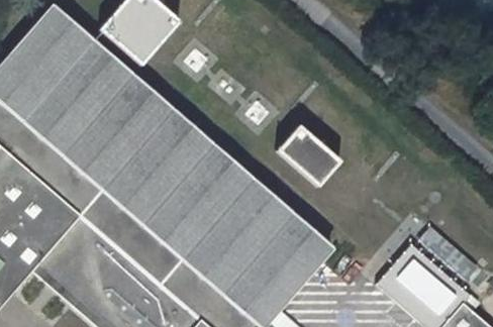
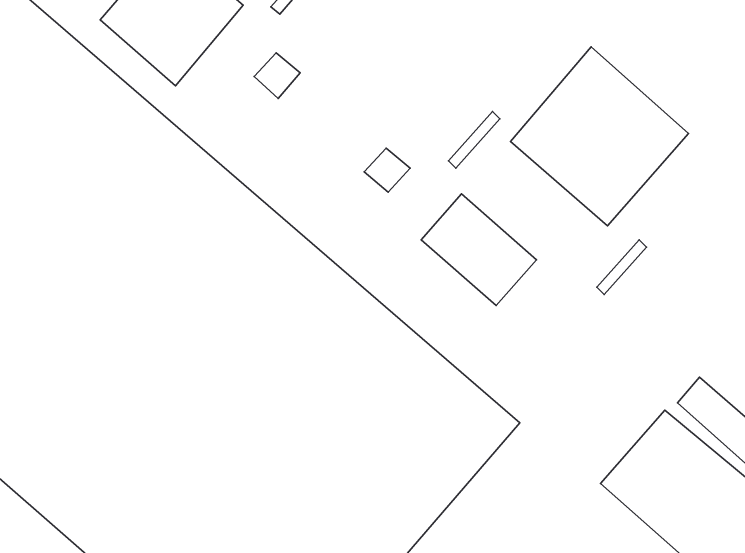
building: none -> [510,47,689,226]

